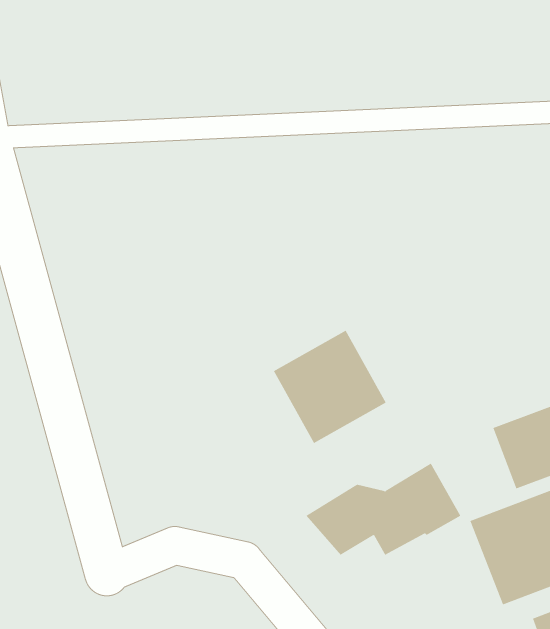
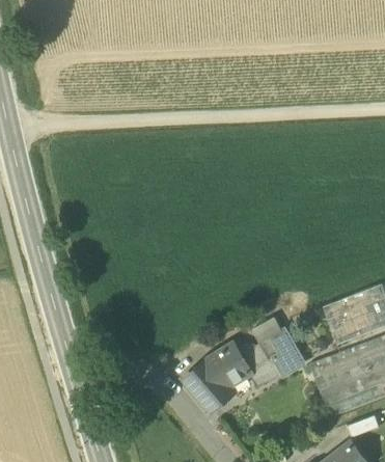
building: [273,330,387,444] -> none
building: none -> [185,359,232,409]

